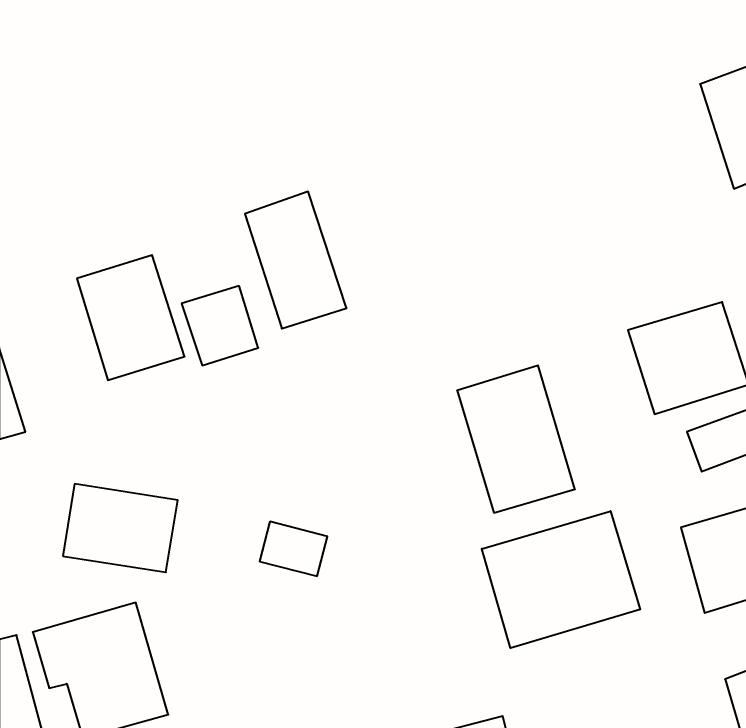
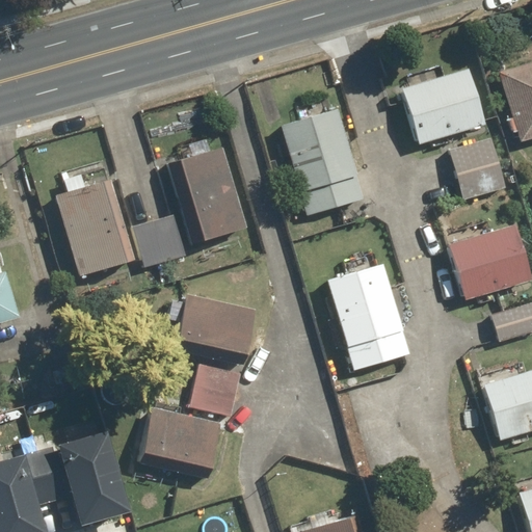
building: none -> [404,71,485,141]
building: none -> [278,107,364,216]
building: none -> [448,134,507,201]
building: none -> [174,294,257,353]
building: [63,484,178,572] -> [139,410,220,473]
building: [482,511,640,648] -> none

